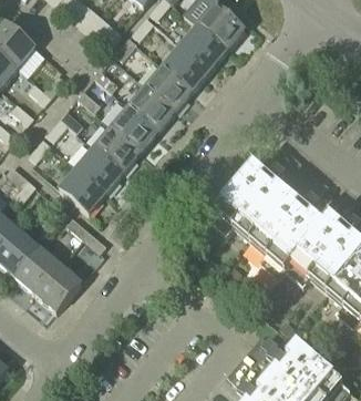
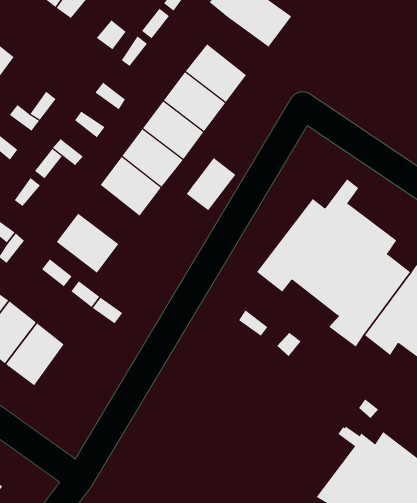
building: [179,24,226,69] -> none
building: none -> [186,157,236,211]
building: [75,145,122,191] -> none
building: [35,264,81,310] -> none

